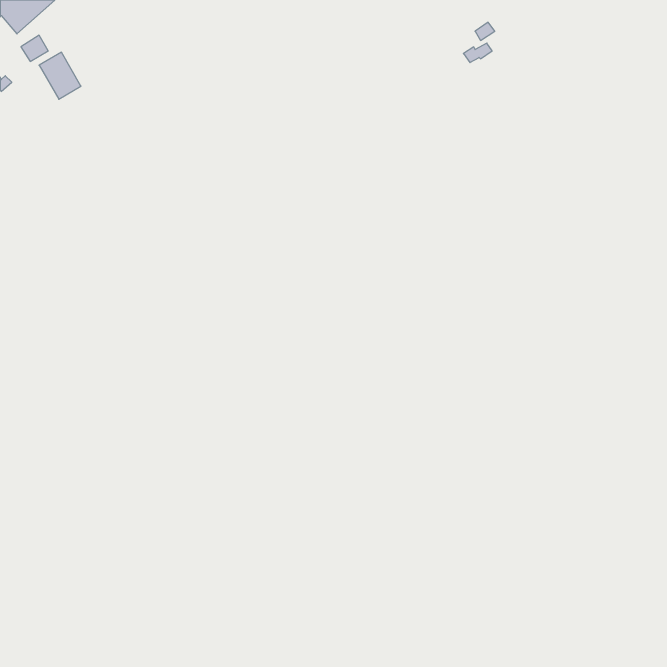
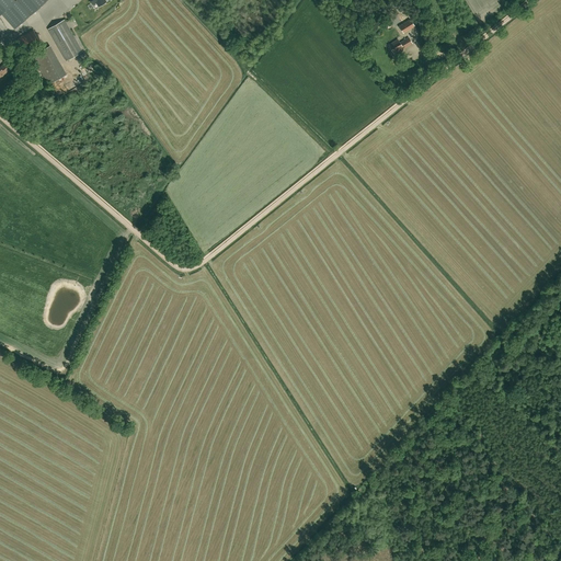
building: none -> [48,21,82,61]

